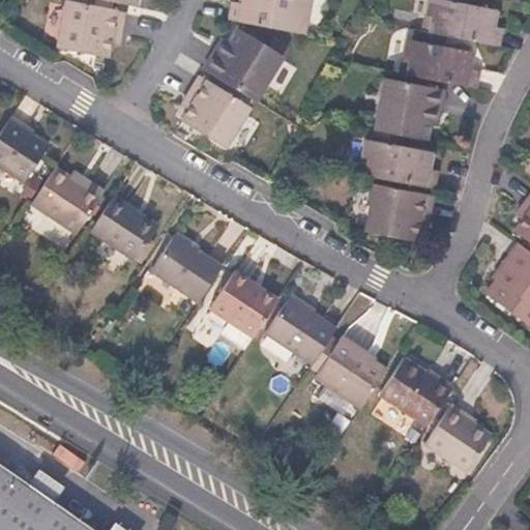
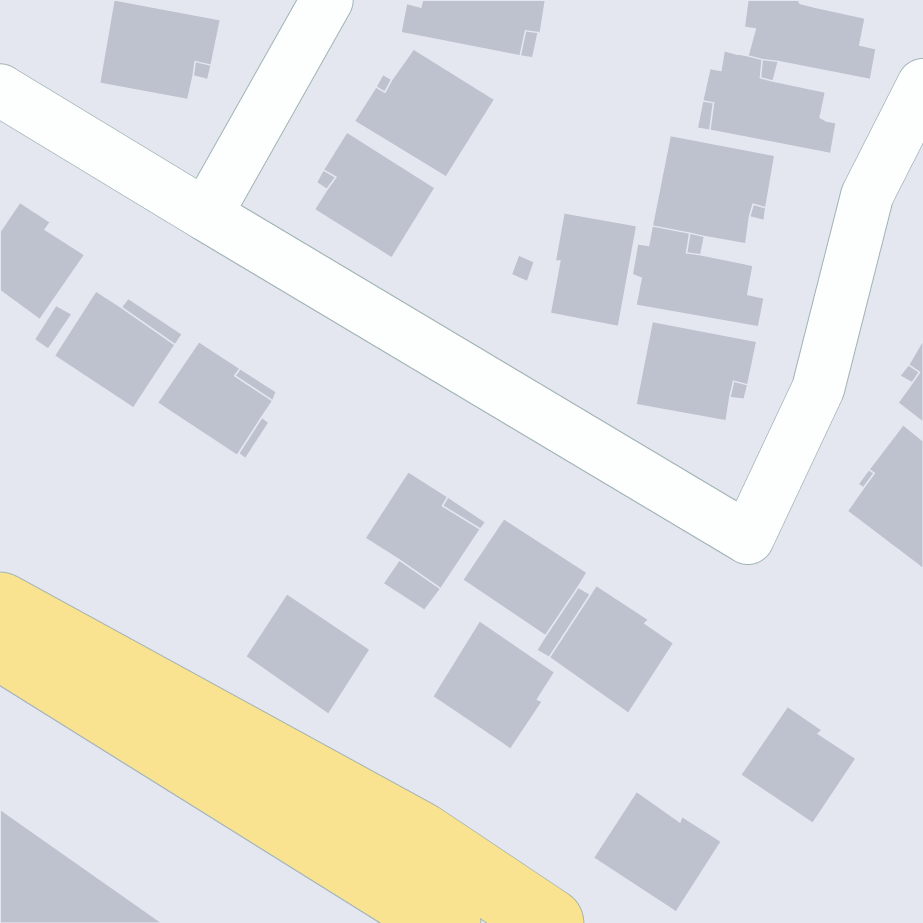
building: none -> [550,213,637,327]
building: [151,234,223,303] -> [245,593,370,714]
building: none -> [432,620,555,749]
building: [380,357,453,426] -> [593,791,721,912]

